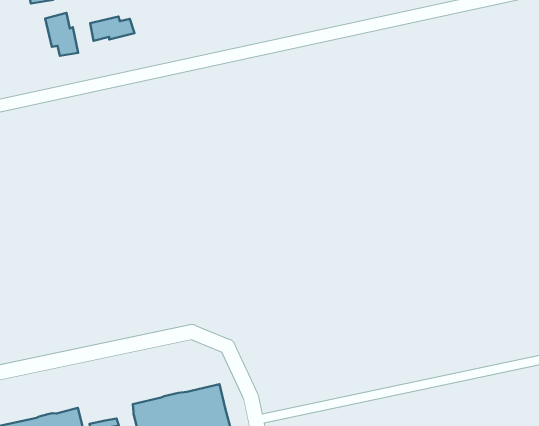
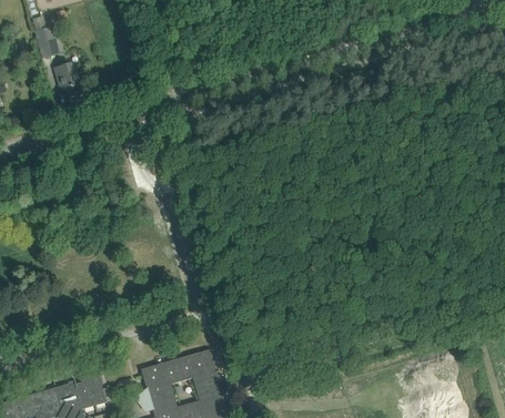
building: [90,17,134,41] -> none

